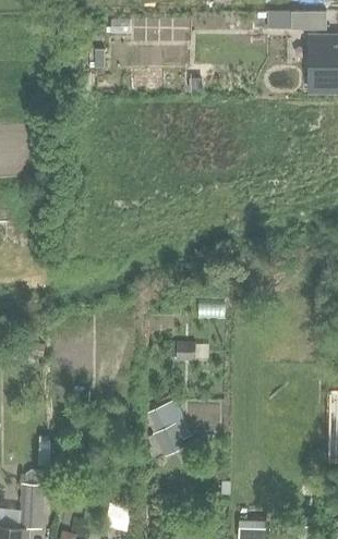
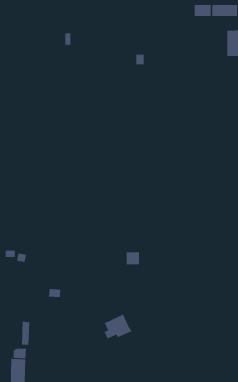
building: [147,403,190,441] -> none

